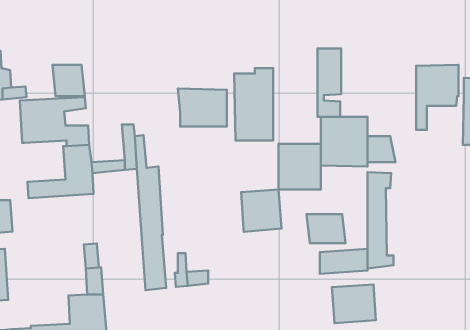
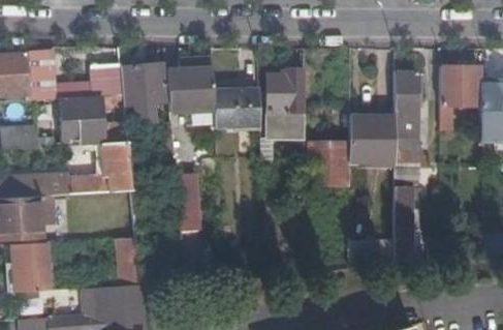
building: [317,48,341,117] -> [394,69,416,134]
building: none -> [172,58,215,112]
building: none -> [121,61,165,122]
building: [241,189,281,232] -> none
building: [306,214,345,243] -> none
building: [332,284,376,323] -> none

